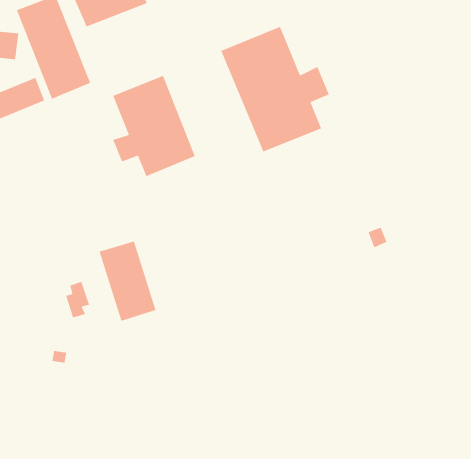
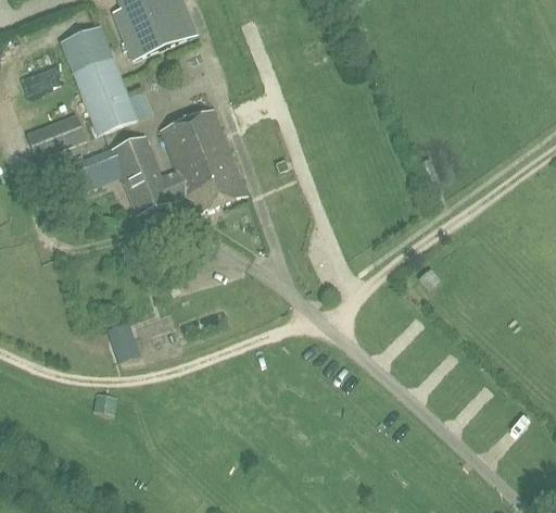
building: [220,26,330,152] -> none
building: none -> [63,137,169,214]
building: [98,241,156,322] -> none

